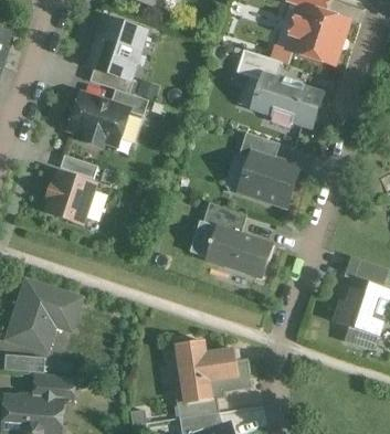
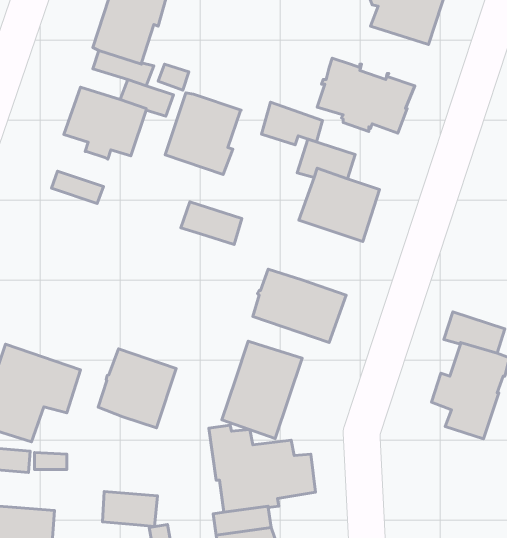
building: [236,49,281,80] -> [261,102,323,145]
building: none -> [165,93,241,174]
building: [45,171,95,223] -> none
building: [202,202,246,233] -> [181,202,242,245]
building: none -> [222,341,302,438]
building: none -> [98,349,176,428]
building: [34,375,74,401] -> [103,491,158,527]

